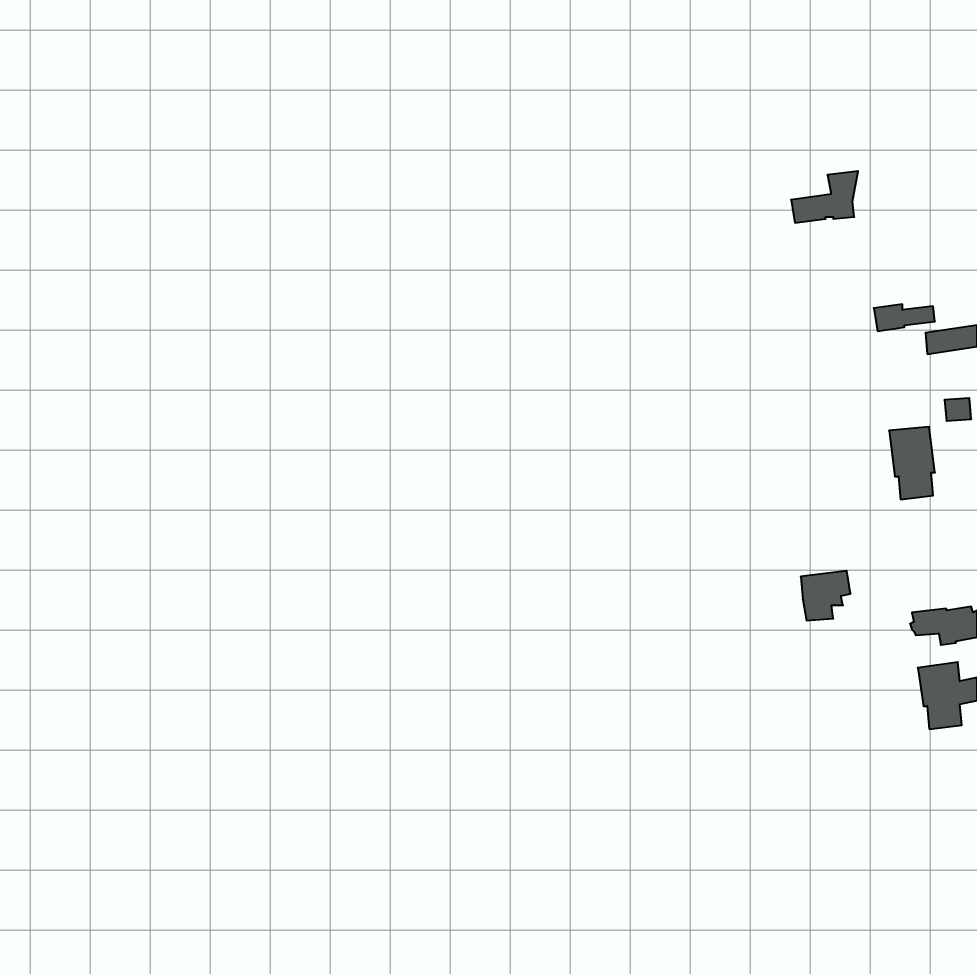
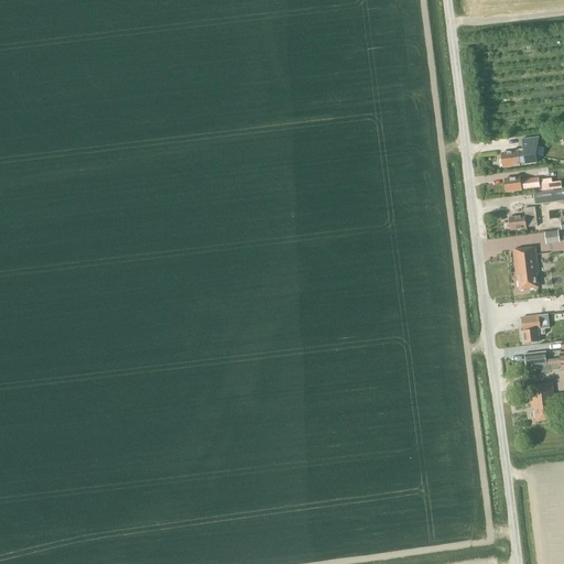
building: [791,171,858,223] -> [500,135,539,165]
building: none -> [509,205,538,229]
building: [801,571,851,621] -> [521,313,550,341]

